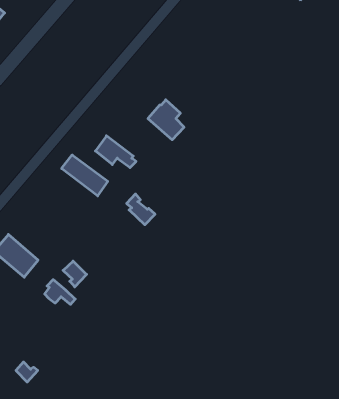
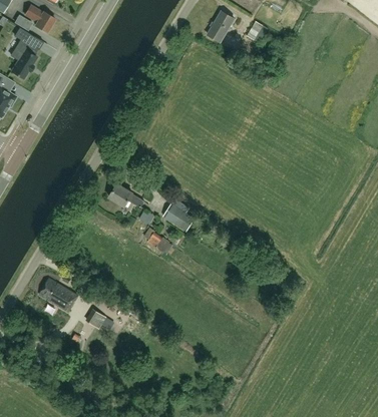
building: [148,100,184,140] -> [162,197,194,230]
building: [62,155,108,196] -> none

